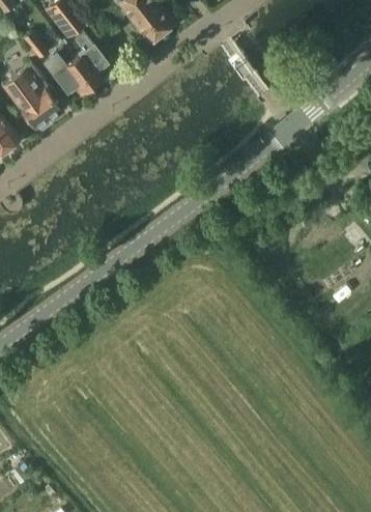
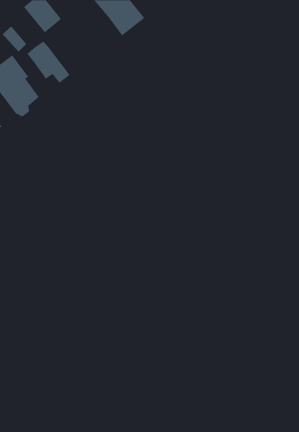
building: [74,33,108,84] -> none

